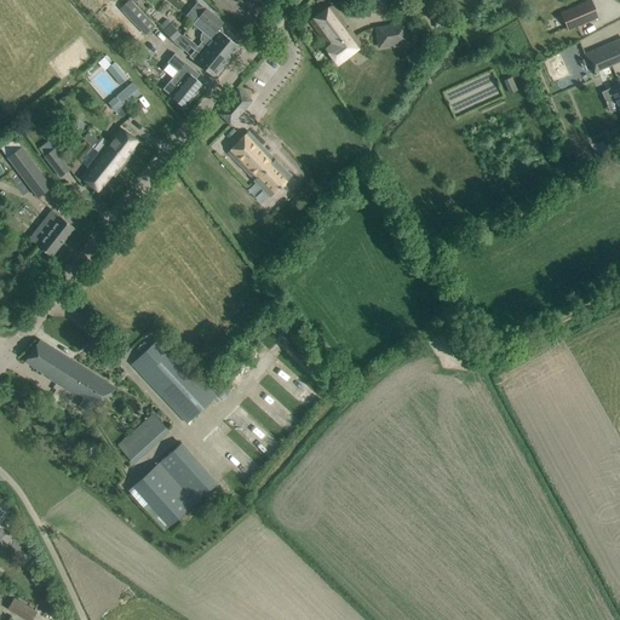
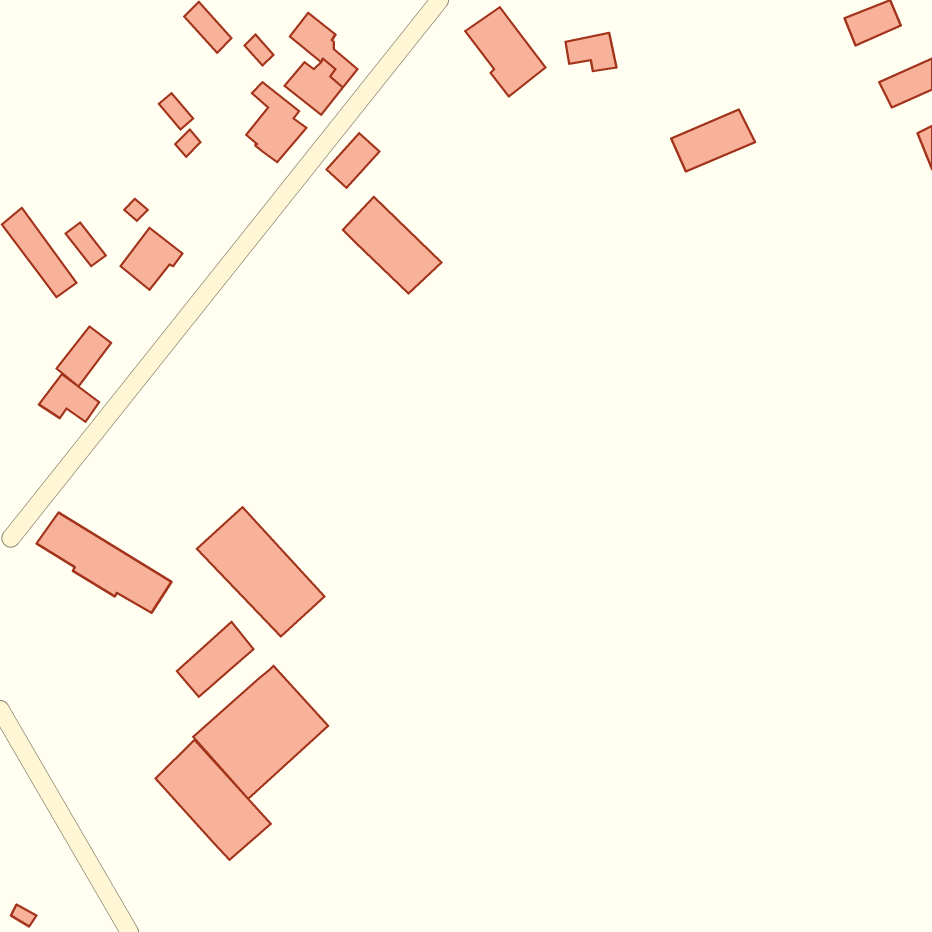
building: [99,127,140,168] -> none
building: none -> [39,374,99,422]
building: none -> [155,740,271,860]

